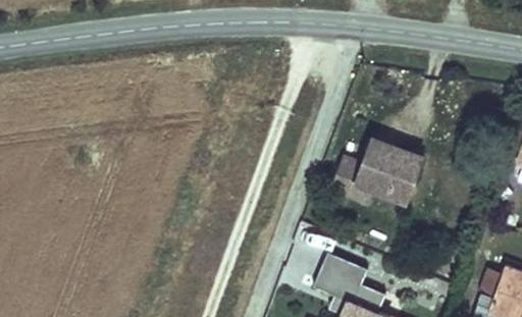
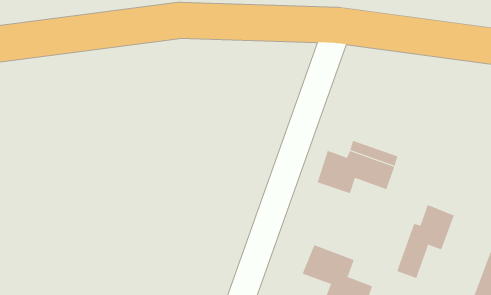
building: none -> [396,204,455,279]

